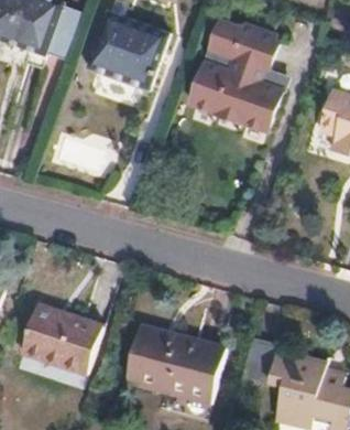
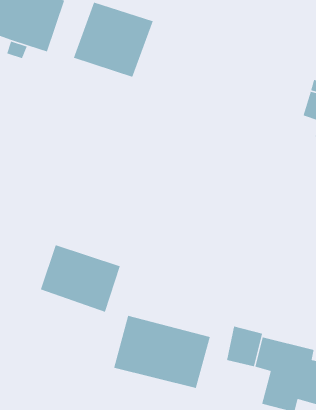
building: [186,18,276,127] -> none
building: [20,305,101,375] -> [40,244,121,313]

